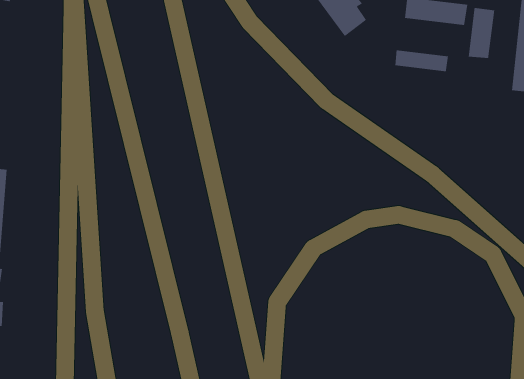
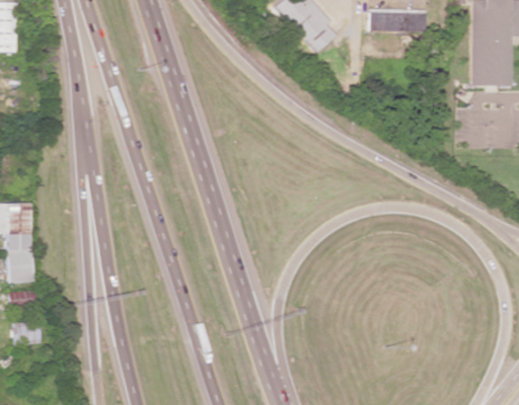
building: [468,7,495,59] -> none
building: [395,49,448,72] -> none

